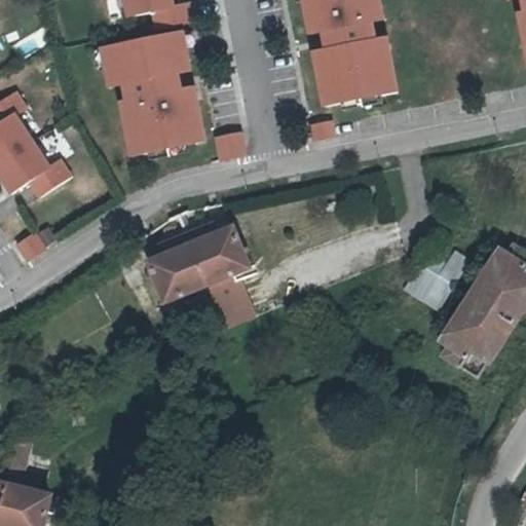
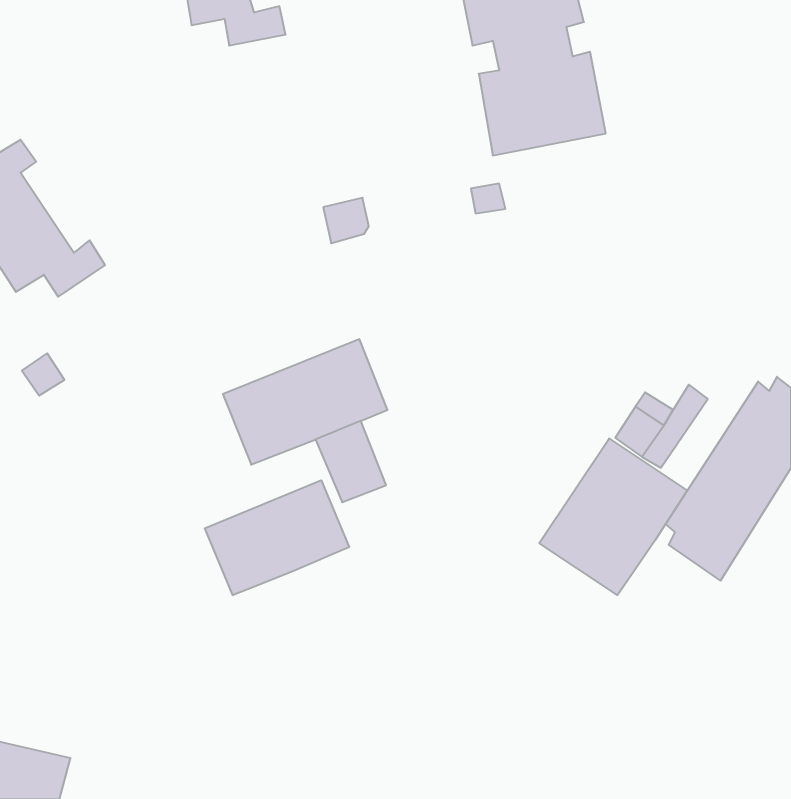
building: [102,31,204,154] -> none
building: none -> [539,438,687,595]
building: none -> [205,480,349,595]

